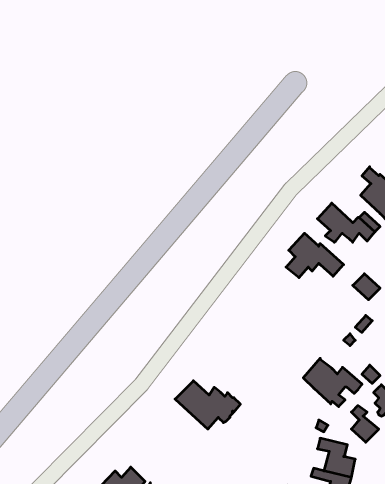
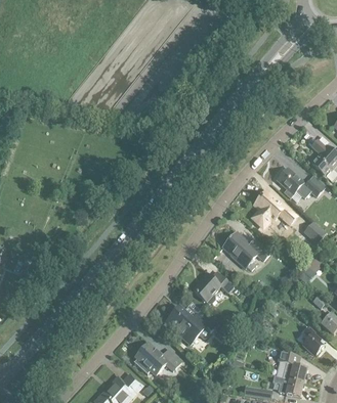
building: none -> [193,269,233,303]
building: [303,358,362,407] -> [222,231,268,269]
building: none -> [133,342,180,374]

